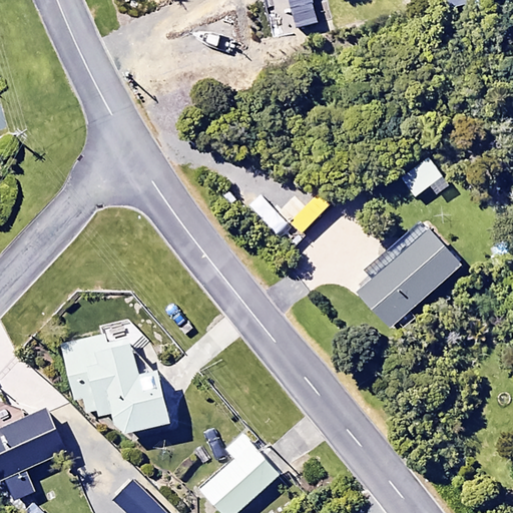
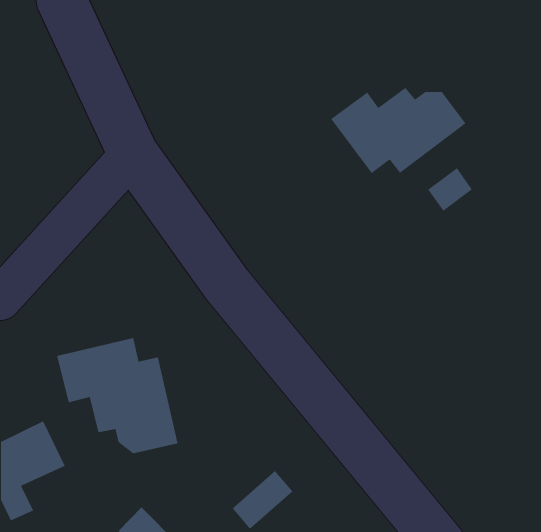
building: none -> [330,87,467,174]
building: [357,216,464,330] -> none

